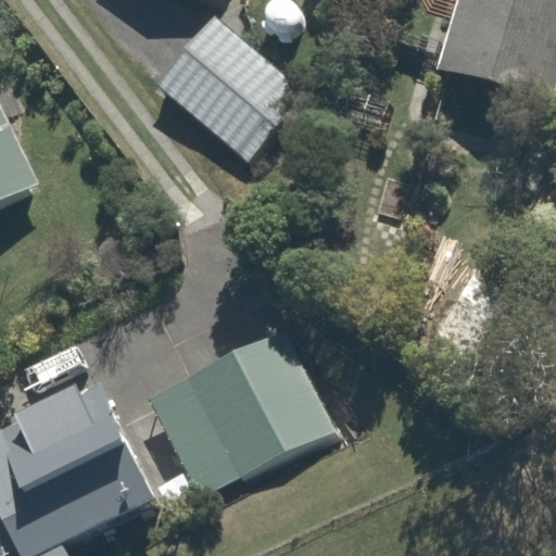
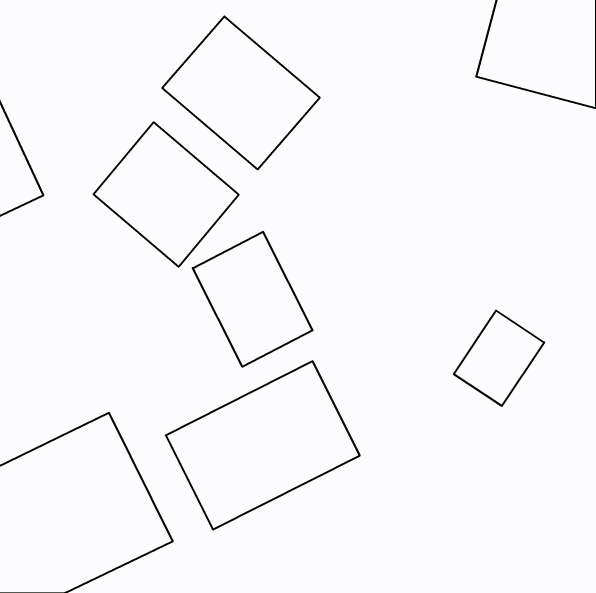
building: none -> [94,122,239,267]
building: none -> [193,232,313,367]

